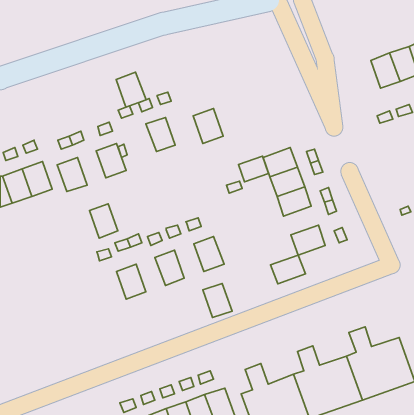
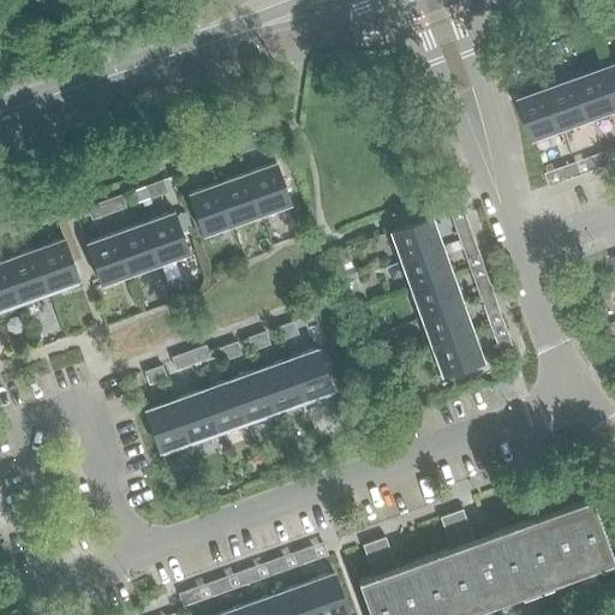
building: none -> [520,91,565,143]
building: [116,72,146,107] -> [190,185,234,237]
building: [193,108,223,143] -> [247,165,292,216]
building: [238,156,269,182] -> none
building: [89,204,118,238] -> [118,225,160,275]
building: [271,255,306,284] -> [422,306,473,348]
building: none -> [204,382,247,432]
building: none -> [147,402,190,454]
building: [203,283,232,318] -> [261,362,304,412]

